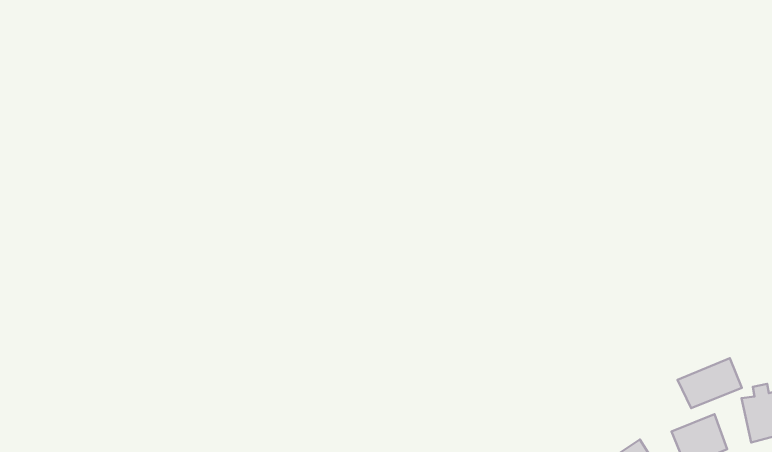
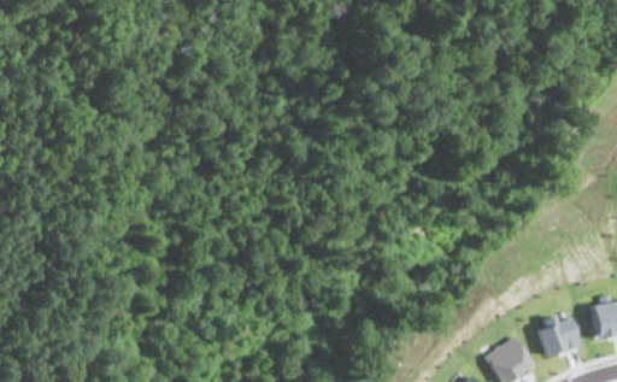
building: [678,358,742,408] -> none

